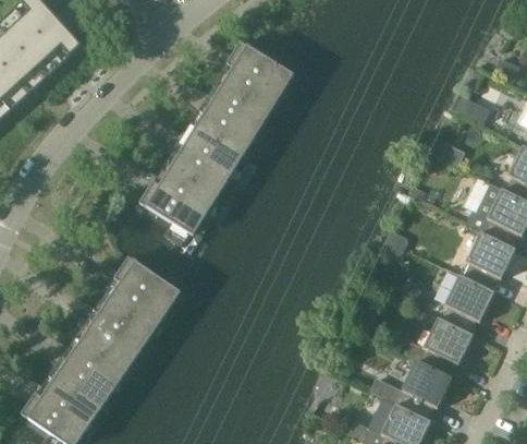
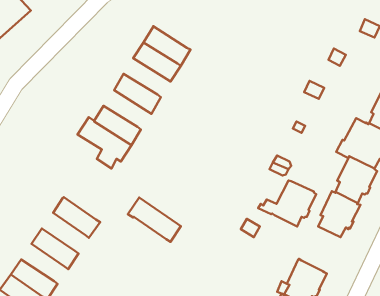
building: [226,38,294,93] -> none
building: [197,104,256,153] -> none
building: [172,144,232,193] -> none
building: [114,254,181,310] -> [128,198,181,242]
building: [95,298,154,349] -> none
building: [400,314,473,372] -> [258,180,316,226]
building: [69,337,127,387] -> none

